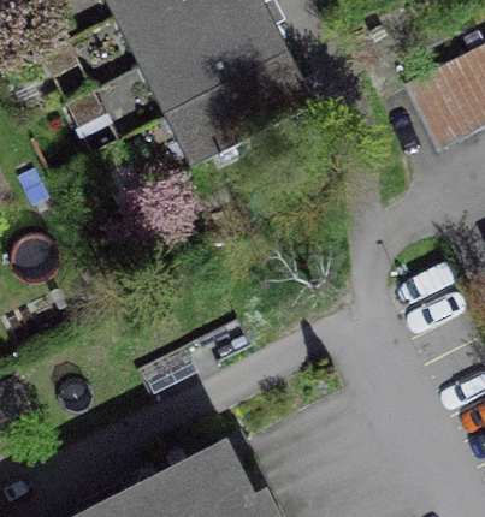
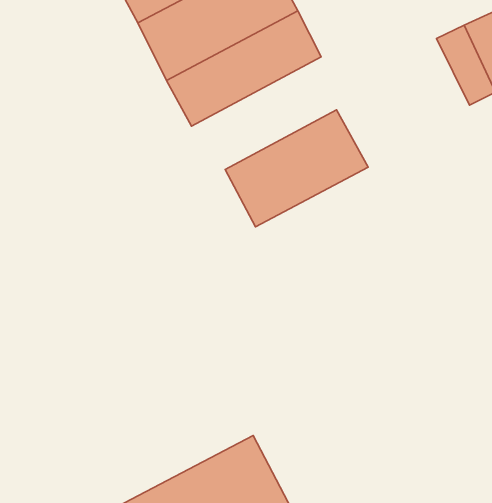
building: none -> [225,110,368,227]

